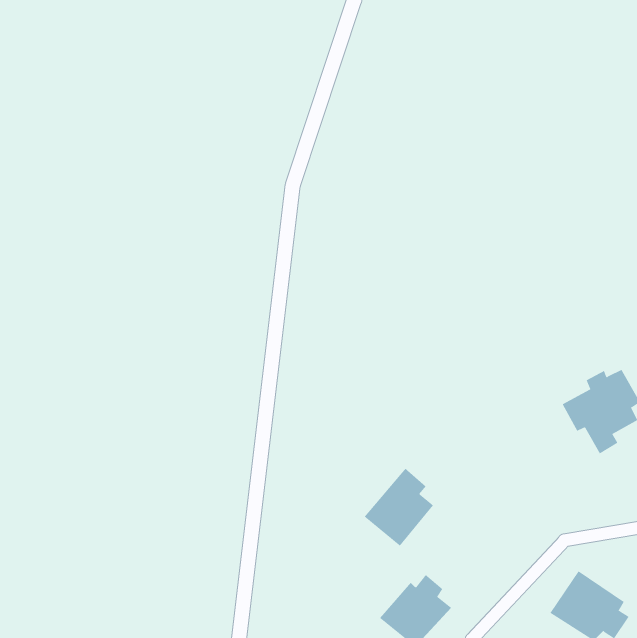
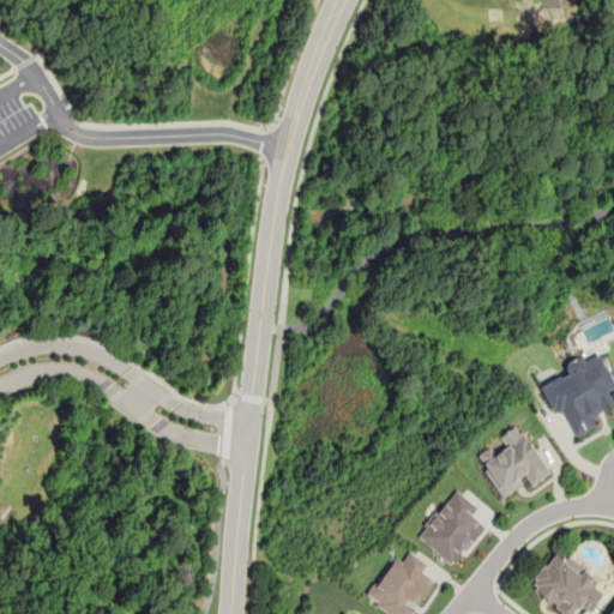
building: none -> [475,425,552,499]
building: [364,468,434,547] -> [417,490,484,566]

